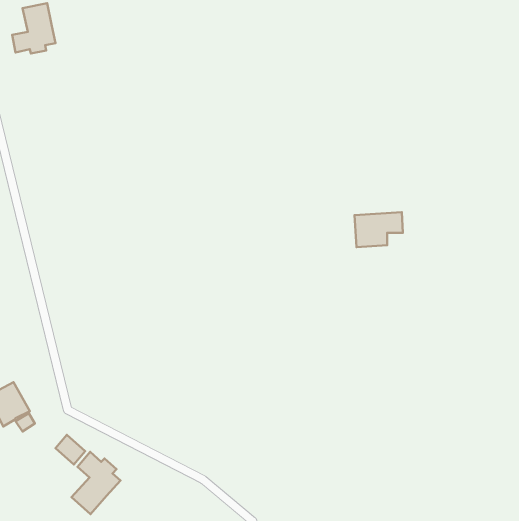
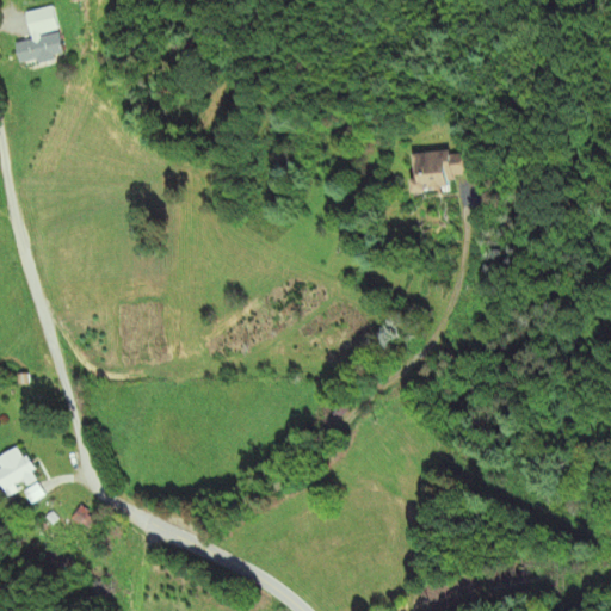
building: [354,212,403,247] -> [413,149,469,190]
building: [71,452,121,514] -> none

